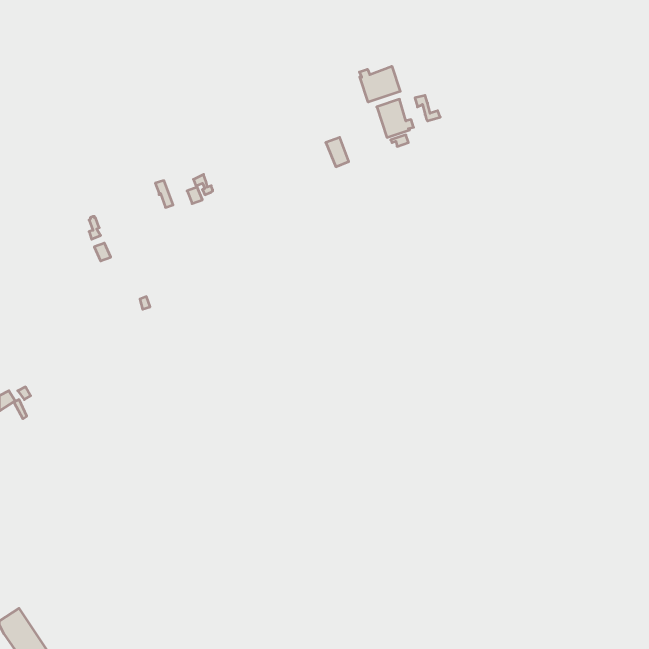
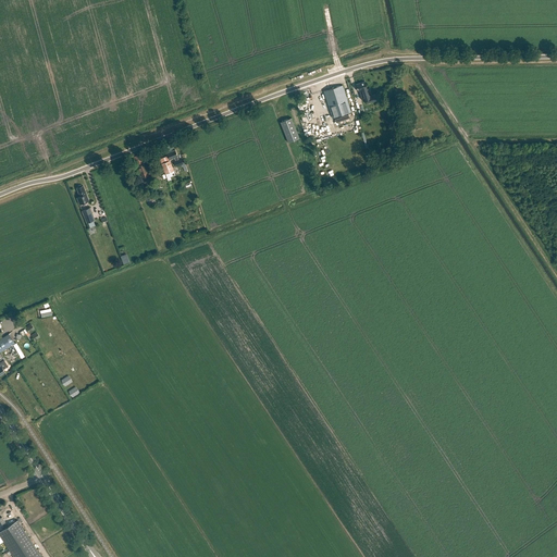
building: [359,66,400,102] -> none

